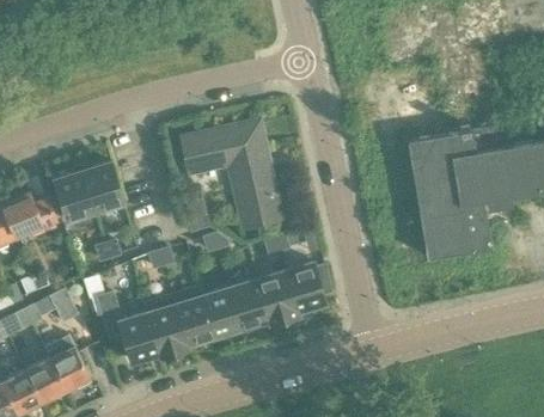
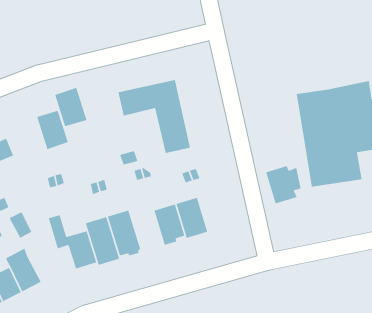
building: [54,171,96,221] -> [54,87,87,127]
building: [285,263,330,315] -> [265,165,302,207]
building: [198,287,243,337] -> none

